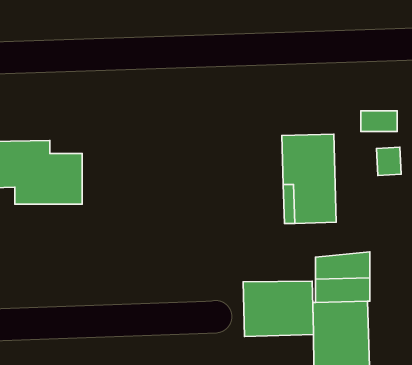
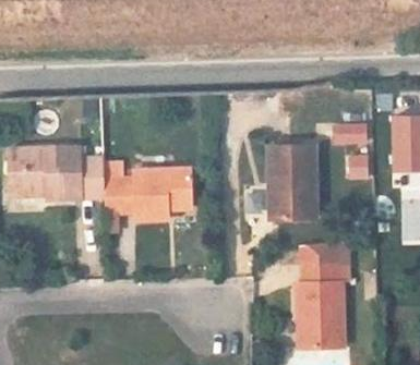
building: none -> [101,169,189,222]
building: [243,281,313,337] -> none

